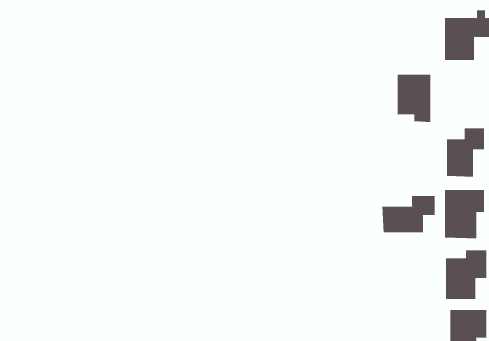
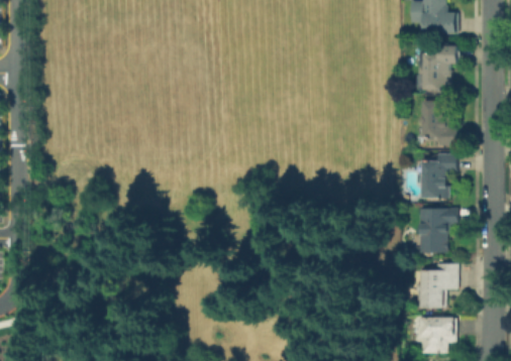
building: [397,74,431,123] -> [420,101,451,145]
building: [382,195,435,233] -> none

